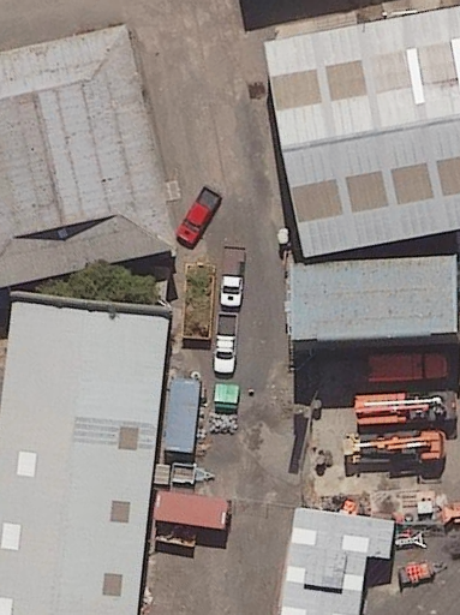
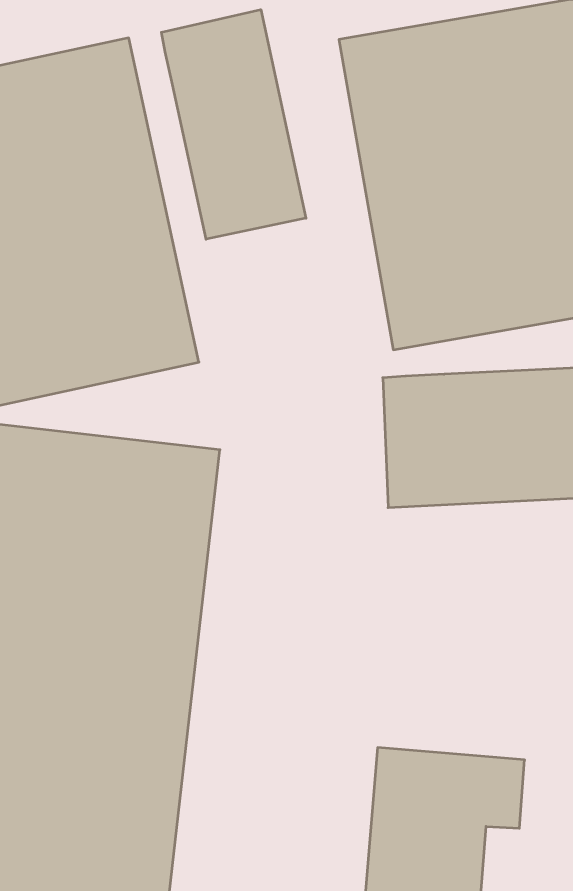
building: none -> [161,10,306,239]

